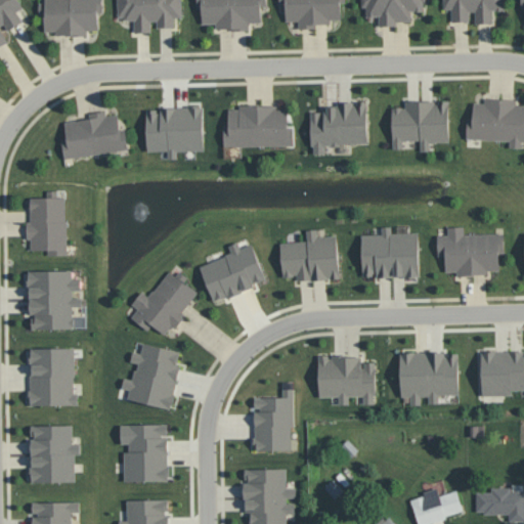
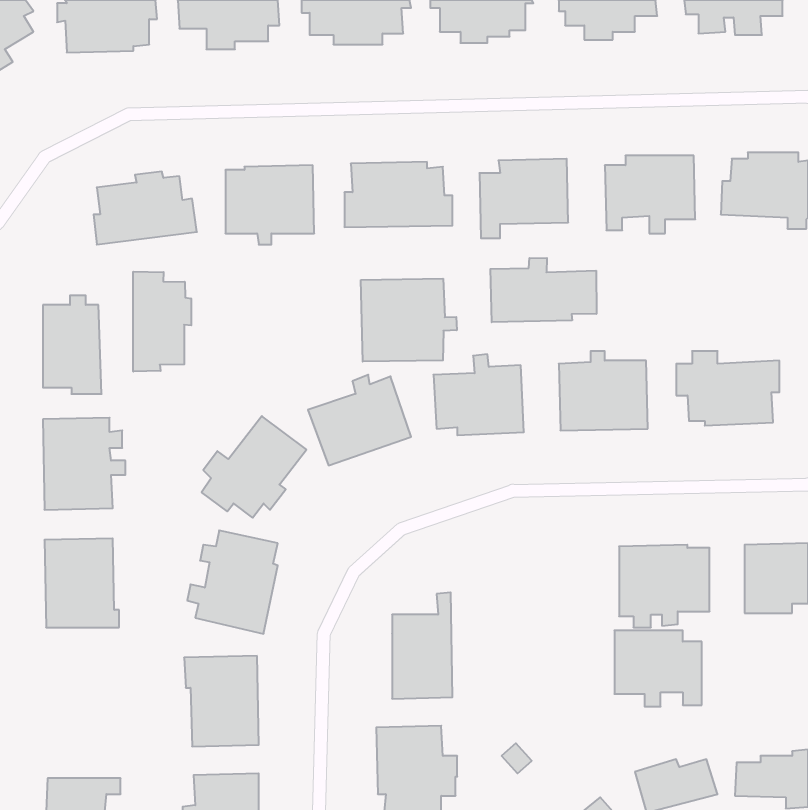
building: none -> [490,258,596,322]
building: none -> [133,272,191,372]
building: none -> [361,279,457,362]
building: [317,356,374,405] -> [614,630,702,707]
building: [29,425,79,482] -> none

